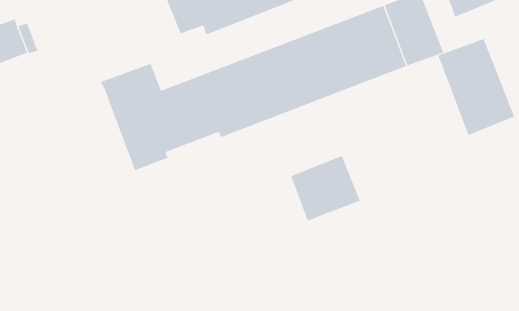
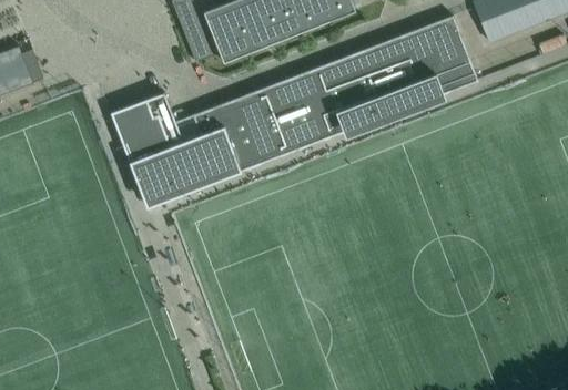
building: [437,38,515,136] -> none
building: [290,155,361,221] -> none

